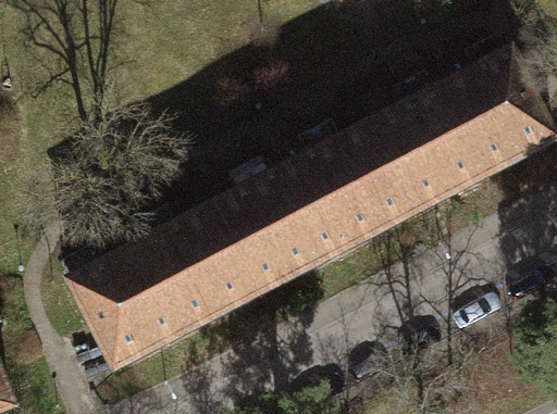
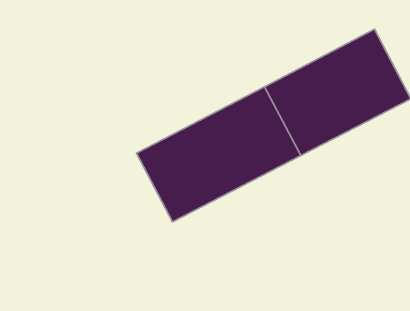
building: [66,208,251,367] -> none

